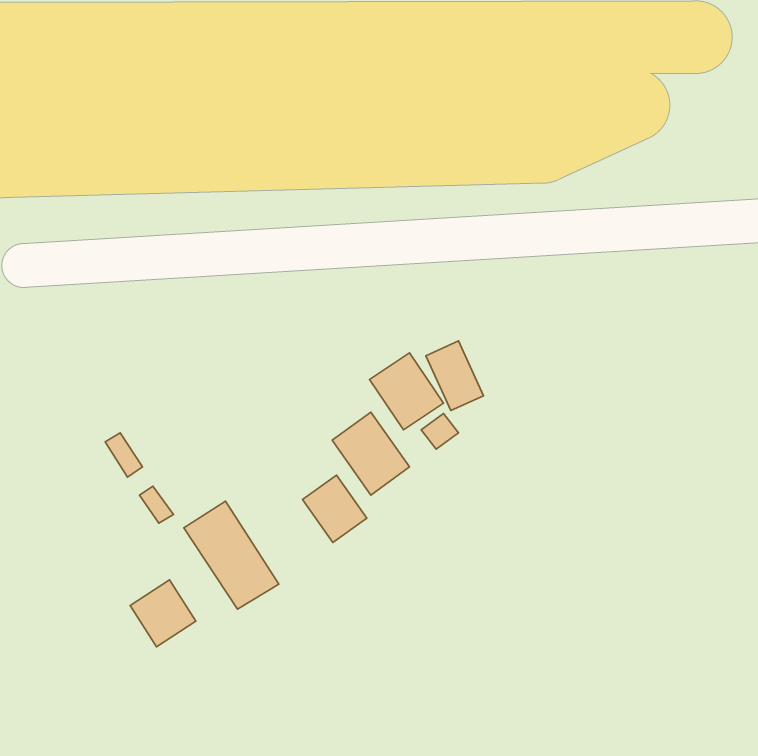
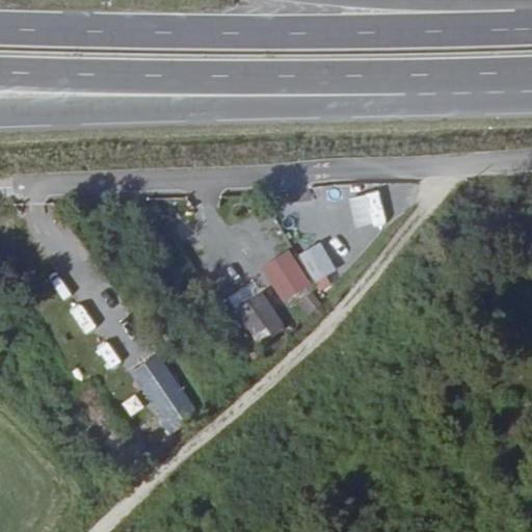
building: [302,475,367,543] -> none
building: [130,580,196,647] -> none

